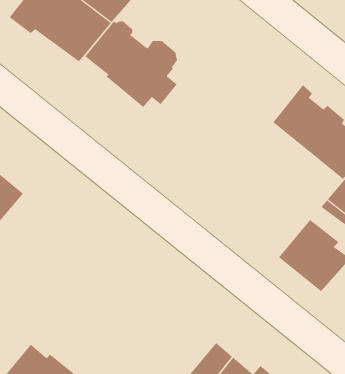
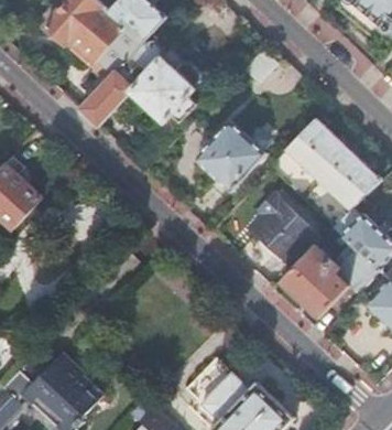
building: none -> [77,73,130,126]
building: none -> [193,120,264,192]
building: none -> [251,194,315,264]

